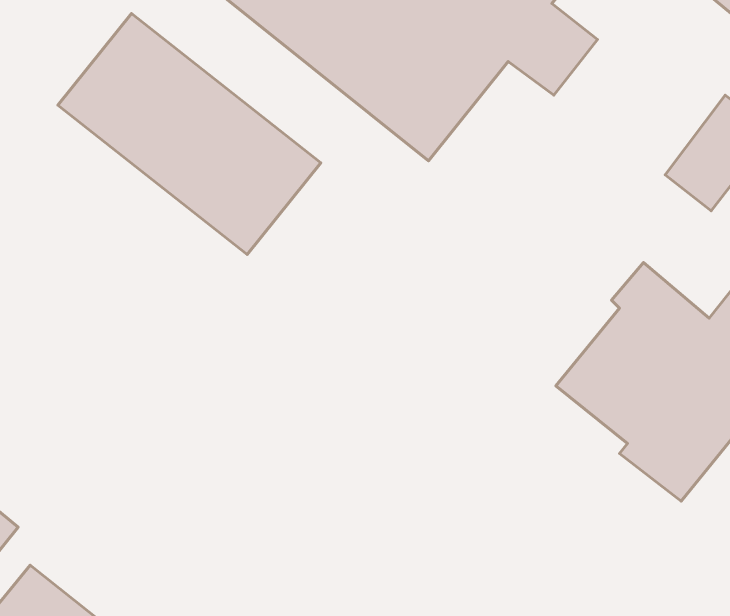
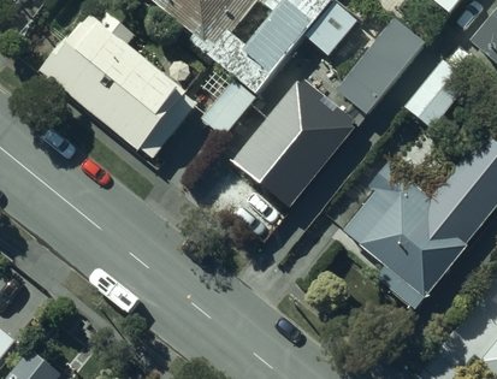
building: none -> [342,22,432,120]
building: none -> [233,76,360,207]

